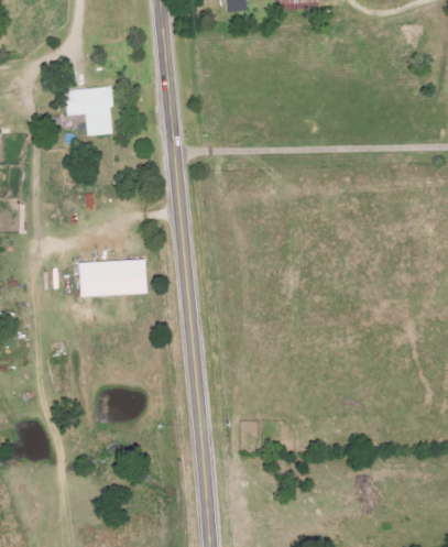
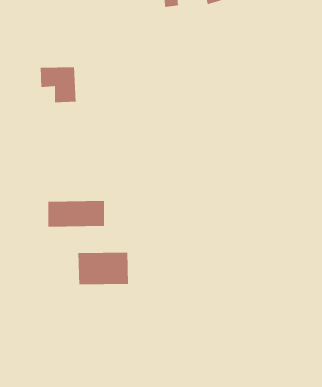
building: none -> [78,252,129,285]

